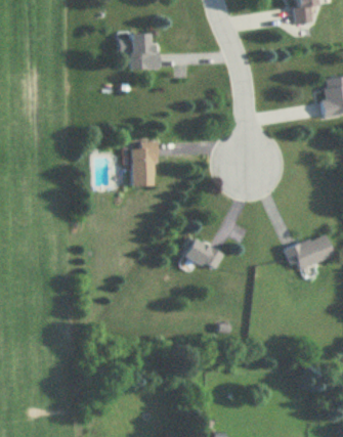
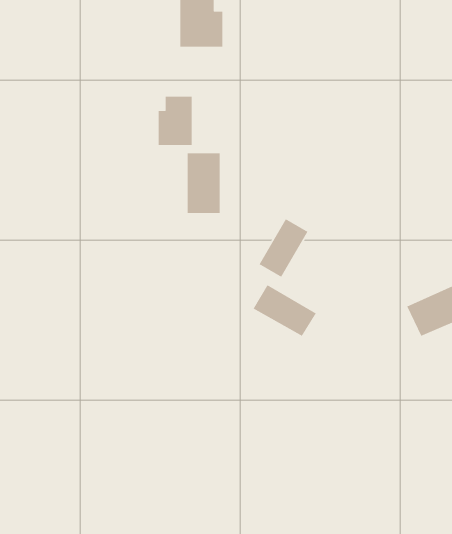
building: none -> [158,96,192,146]
building: none -> [258,218,309,278]

